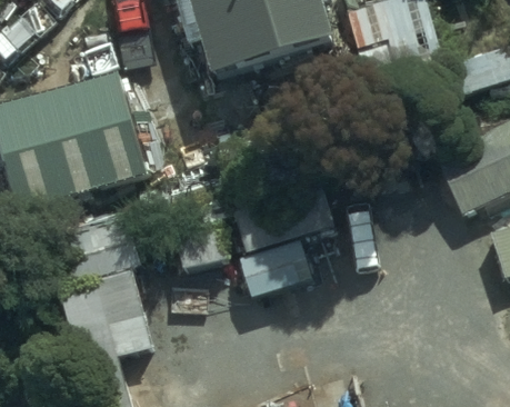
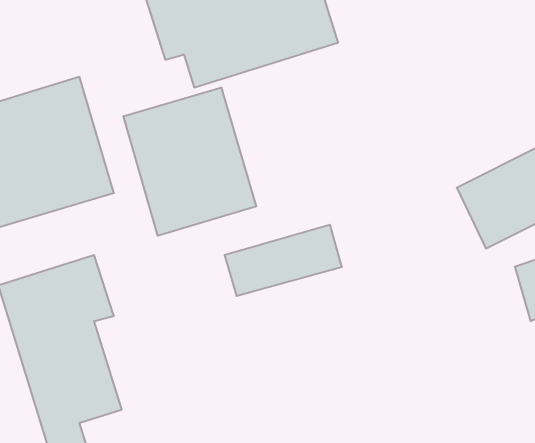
building: none -> [123,87,256,236]

